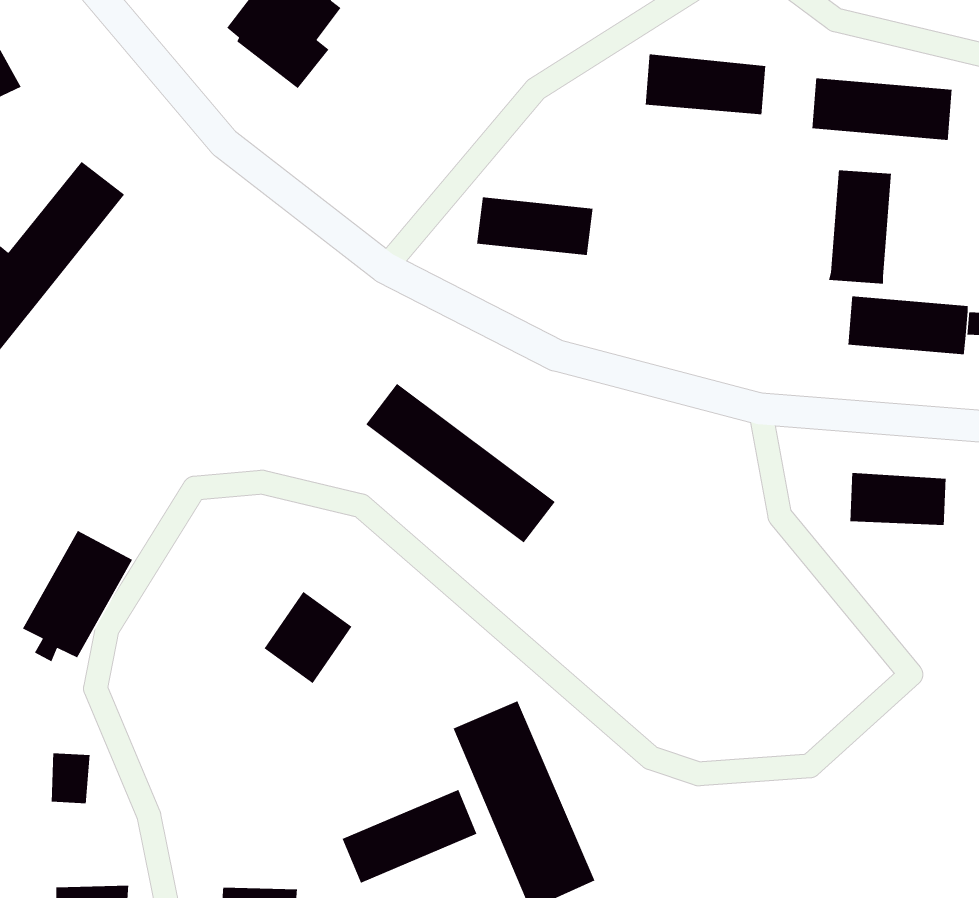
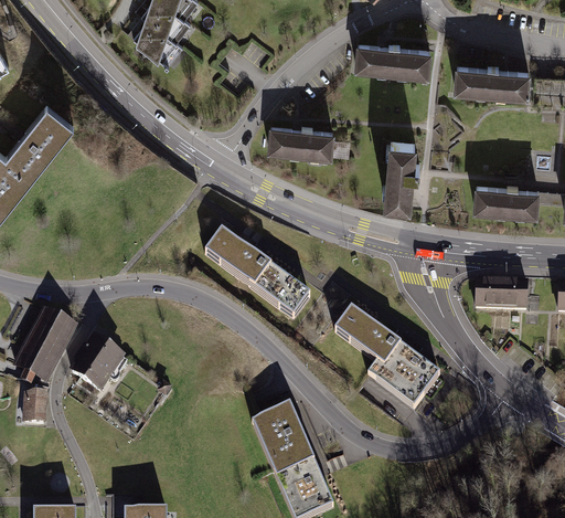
building: [828,169,892,284] -> [381,142,416,207]
building: none -> [339,313,439,409]
building: [263,591,353,684] -> [74,338,124,390]
building: [51,752,90,804] -> [25,394,47,423]
building: [342,789,478,884] -> none

